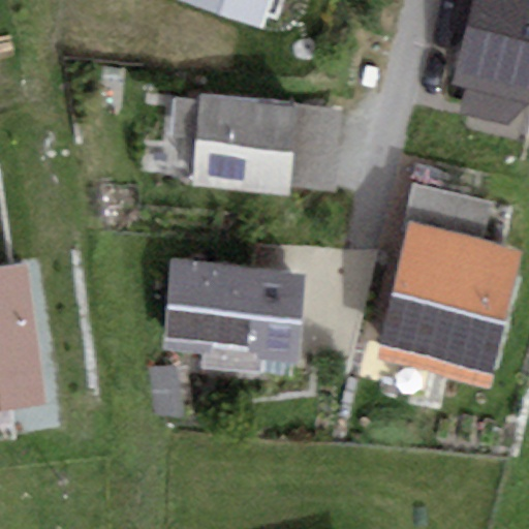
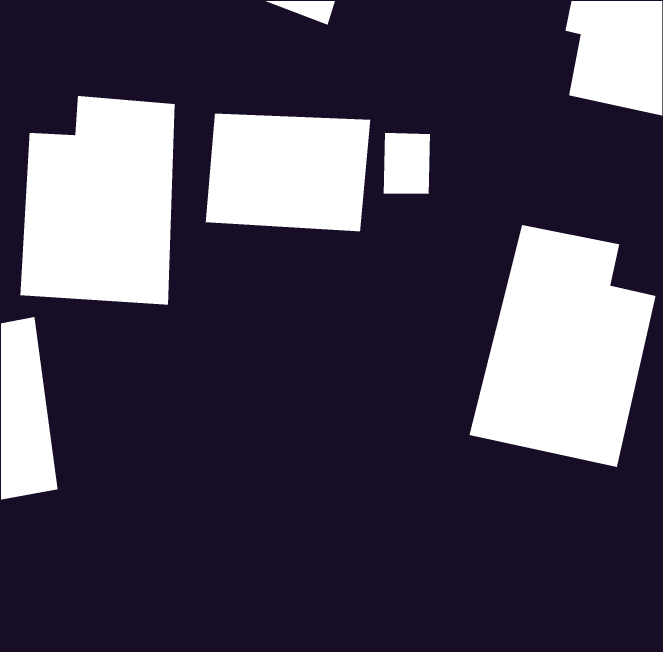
building: none -> [19,95,175,306]
building: [163,260,305,353] -> none

